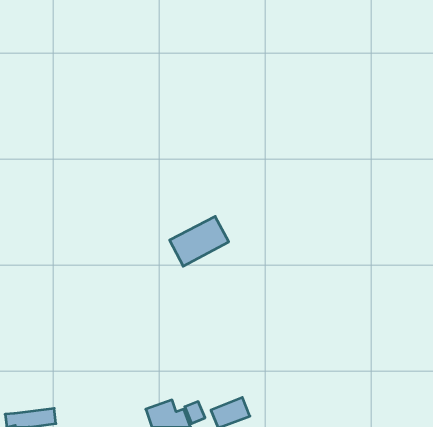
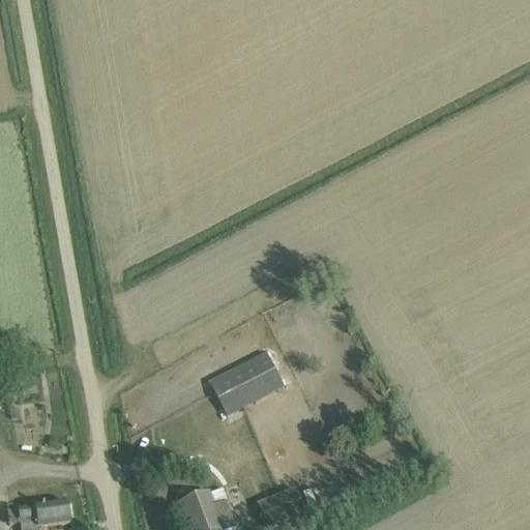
building: [170,216,229,266] -> [210,353,283,414]

